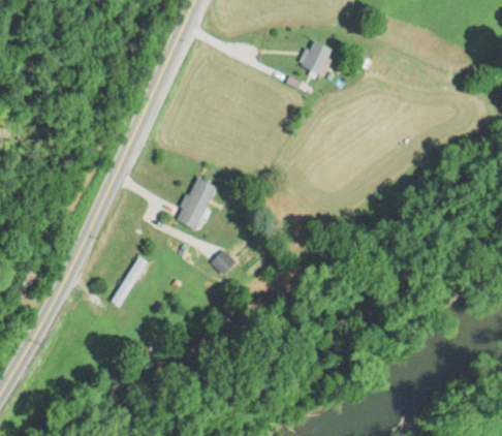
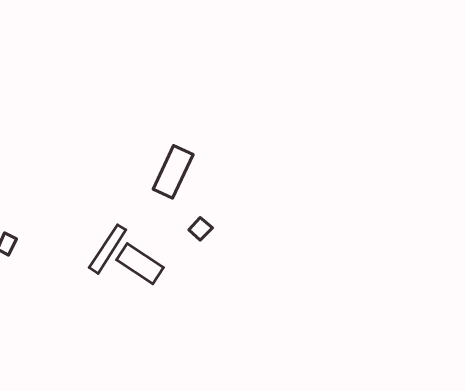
building: [302,49,332,75] -> none
building: none -> [117,243,164,284]

